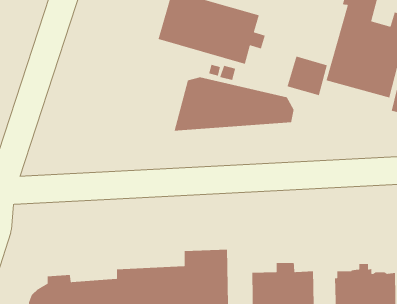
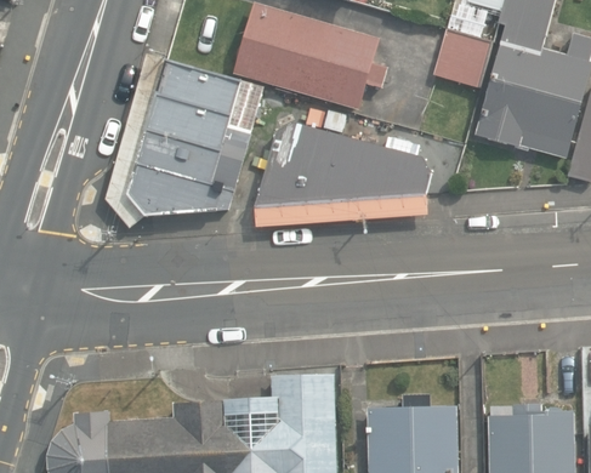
building: none -> [129,61,252,216]
building: [286,56,328,96] -> [432,29,491,87]

